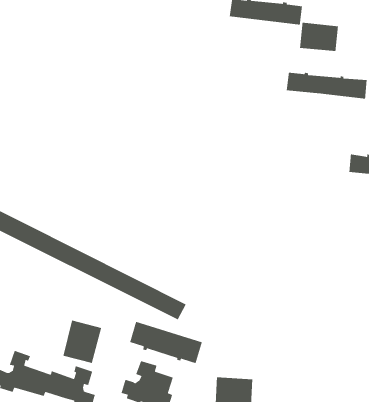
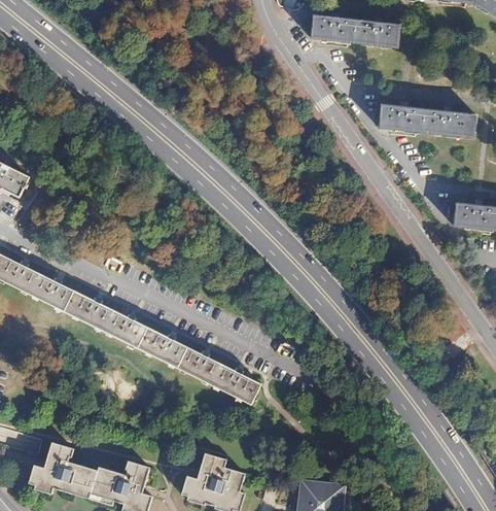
building: [299,22,339,52] -> none
building: [63,319,102,364] -> none
building: [129,321,203,364] -> none

